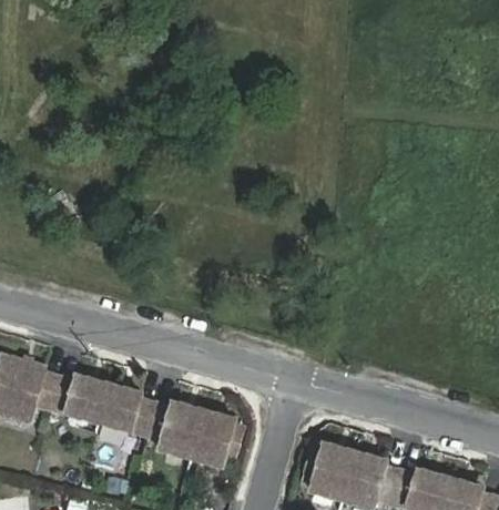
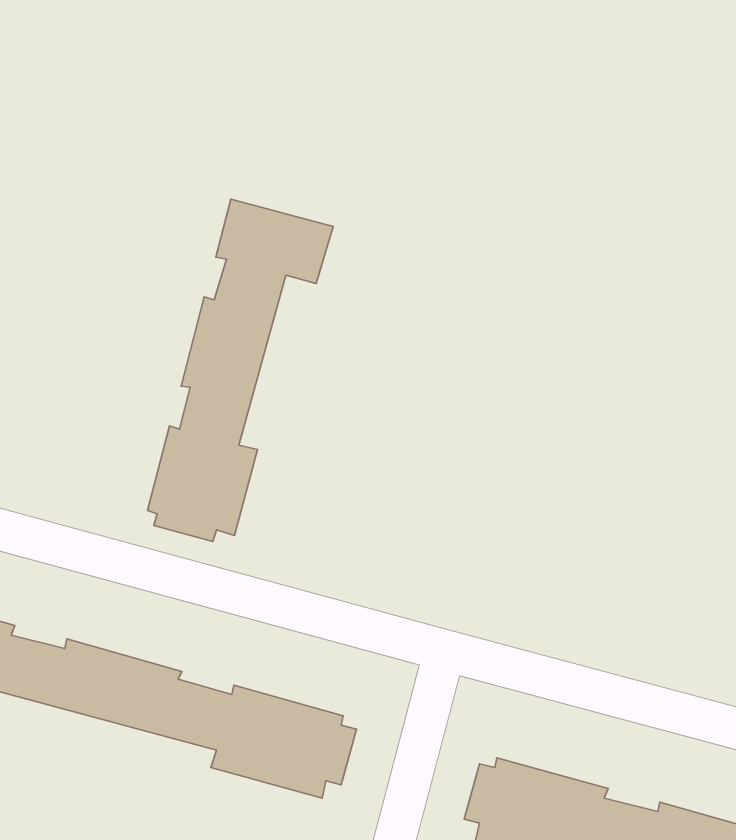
building: none -> [147,199,333,541]

